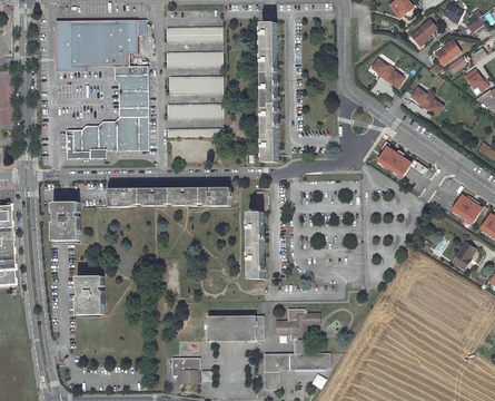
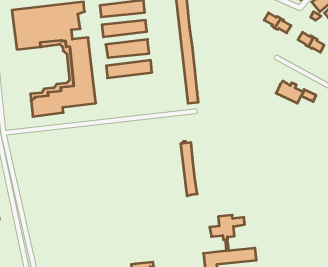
building: [109,187,229,206] -> none
building: [52,202,79,239] -> none
building: [77,275,103,314] -> none
building: [207,315,264,340] -> none

